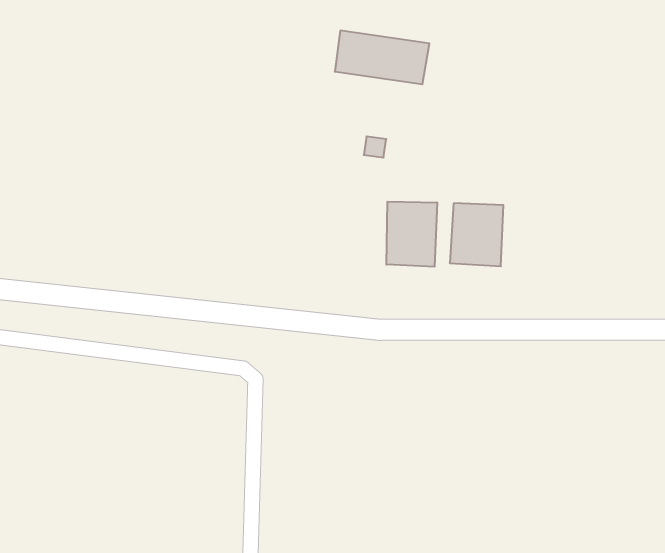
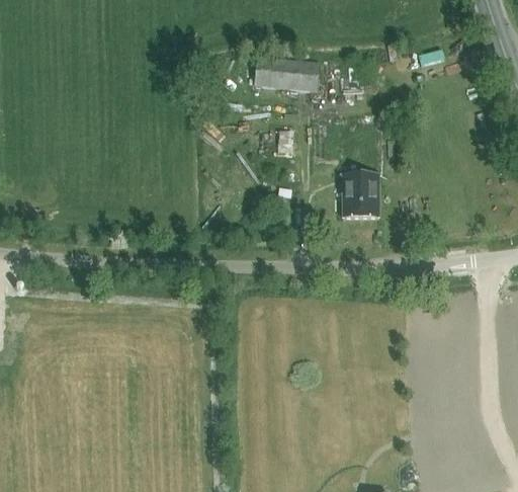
building: [386,202,437,267] -> none

